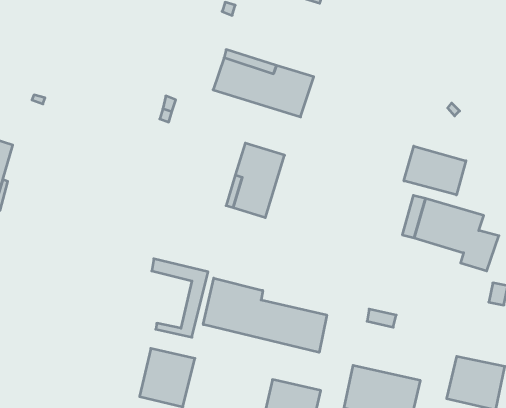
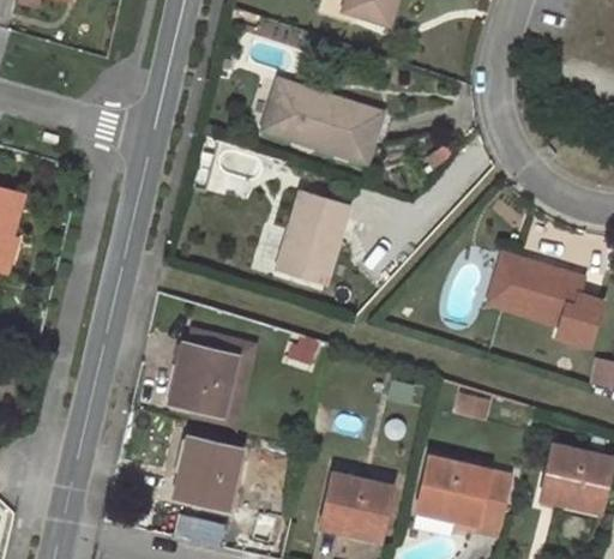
building: [404,146,466,195] -> none
building: none -> [168,343,236,413]
building: [203,278,327,352] -> none

